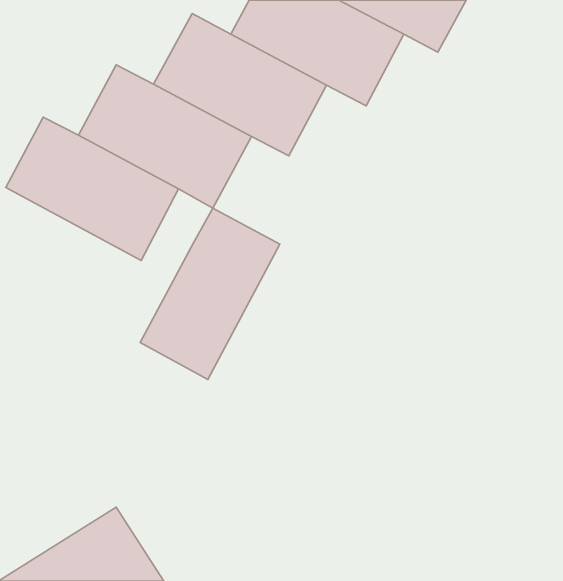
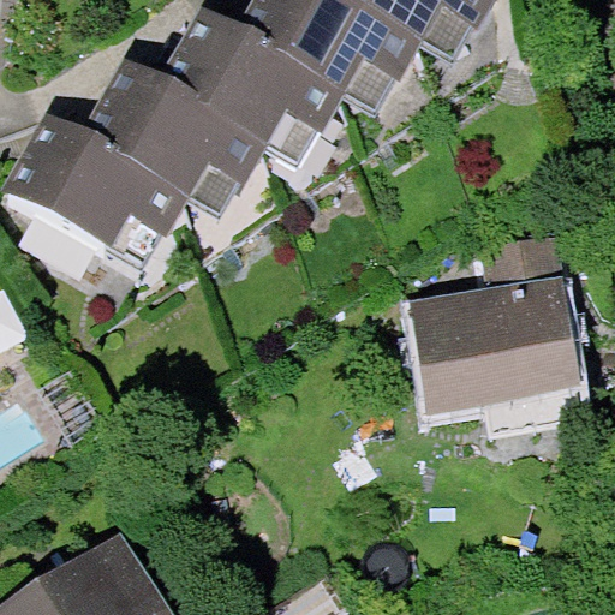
building: [140,208,280,379] -> none
building: none -> [410,238,578,414]

